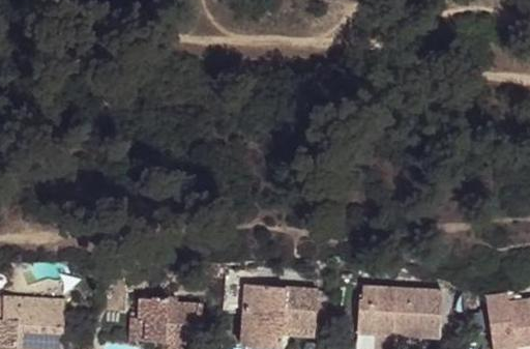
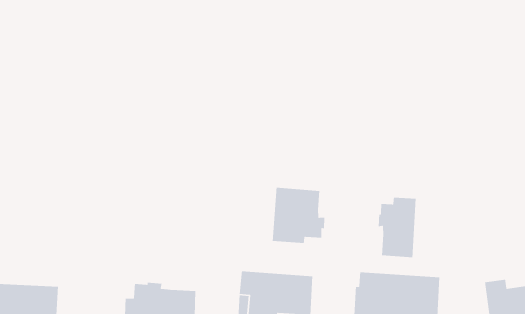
building: none -> [272,187,325,244]
building: none -> [378,197,417,258]

